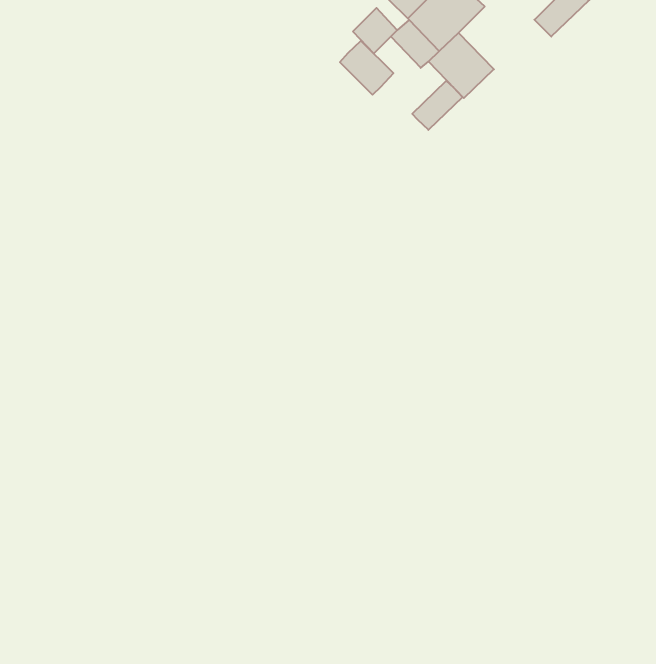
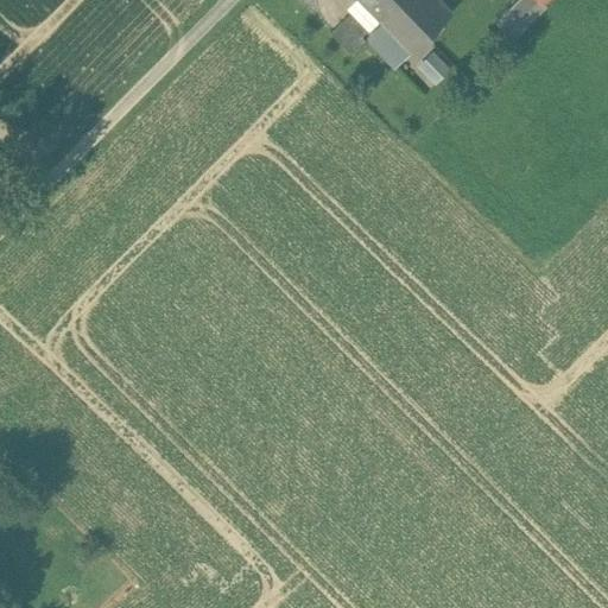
building: [340,41,393,95] -> none
building: [412,81,462,130] -> none

